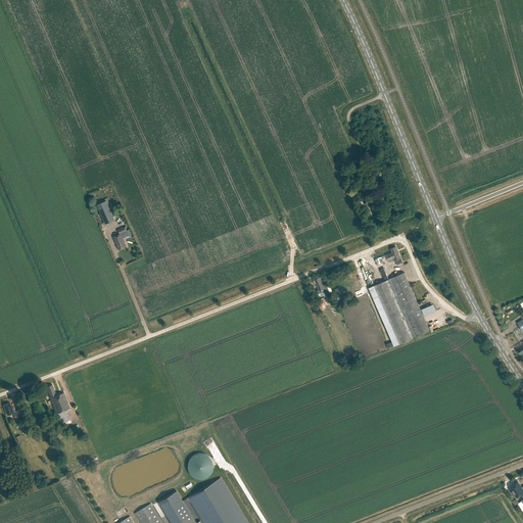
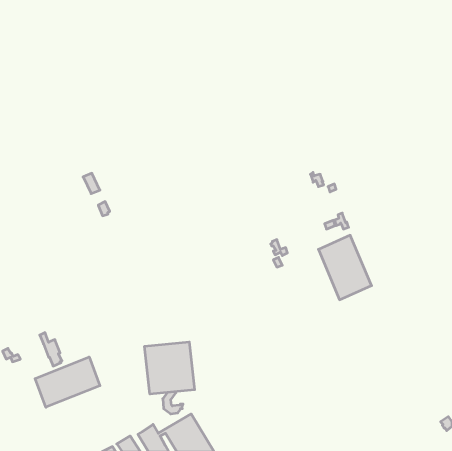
building: none -> [145,342,195,394]
building: none -> [35,357,100,407]

